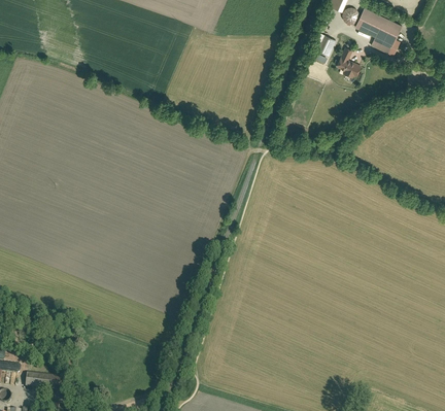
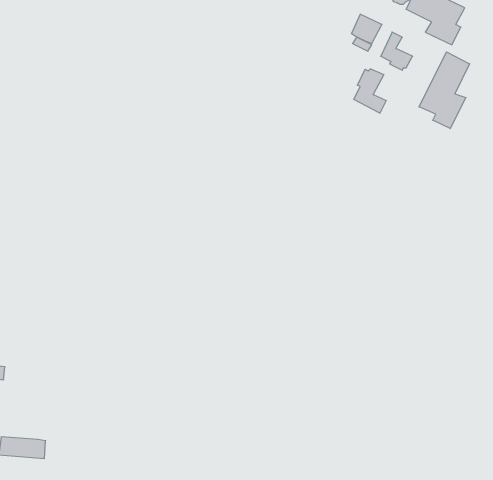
building: none -> [419,52,470,129]
building: none -> [354,69,386,113]

